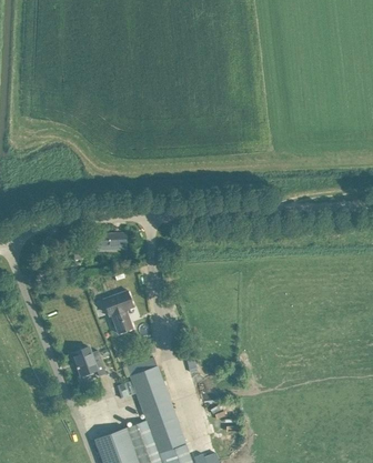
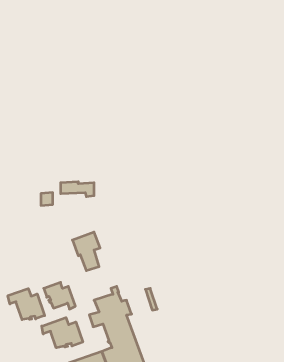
building: none -> [8,289,45,320]
building: none -> [42,318,83,348]

